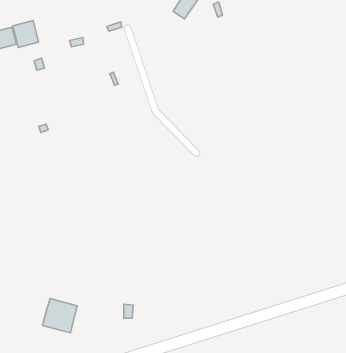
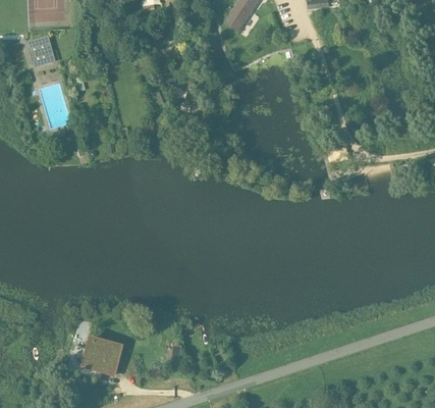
building: [13,21,39,48] -> none

